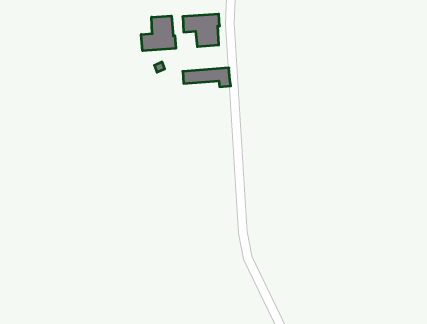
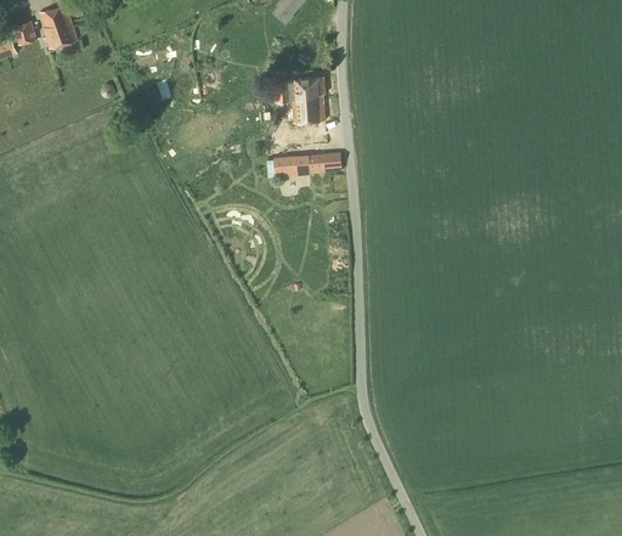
building: [141,16,176,51] -> none

